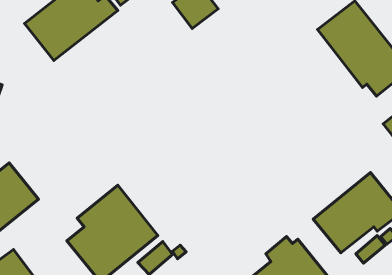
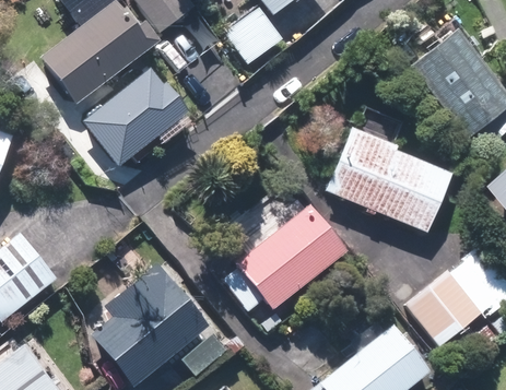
building: none -> [87,67,191,165]
building: none -> [326,127,451,232]
building: none -> [215,211,336,317]

